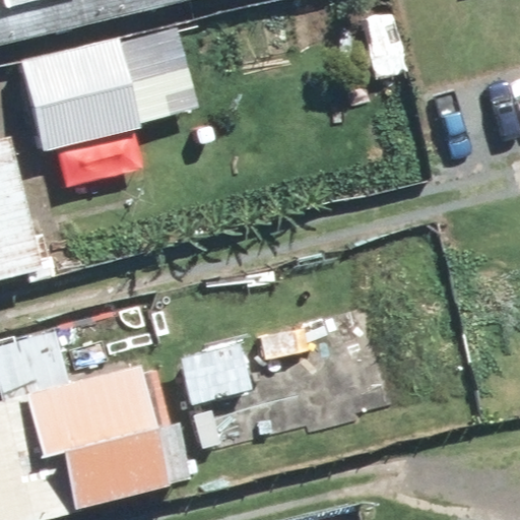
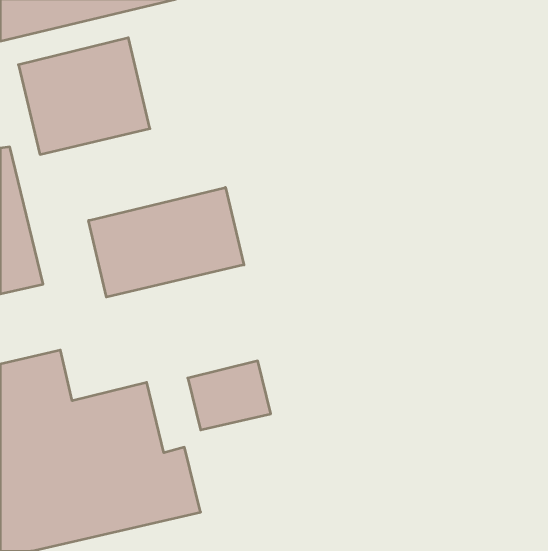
building: none -> [89,187,244,297]

